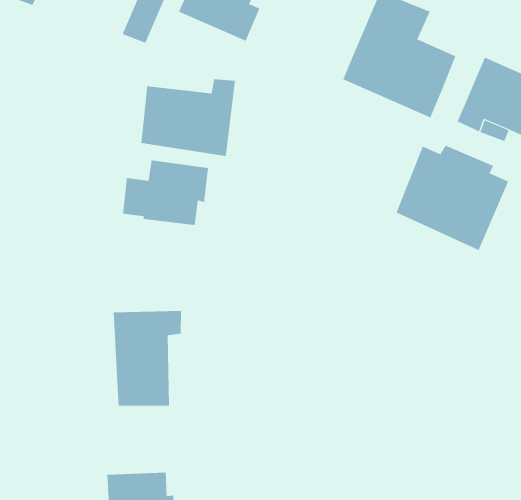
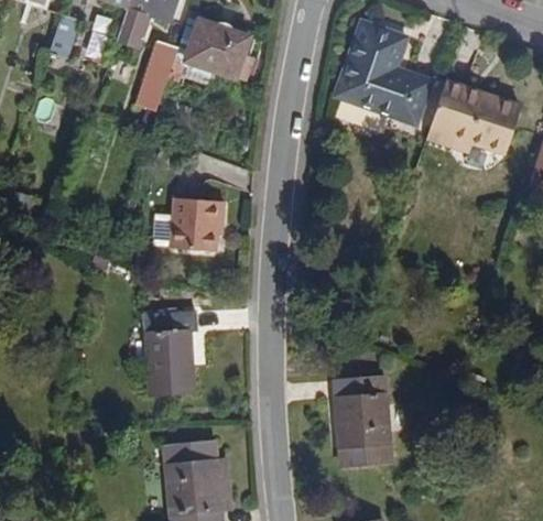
building: [141,78,235,157] -> none
building: [396,145,509,251] -> none
building: none -> [325,366,387,457]

